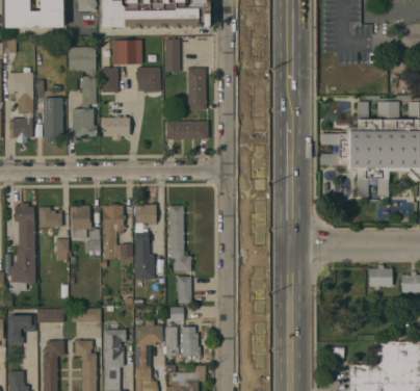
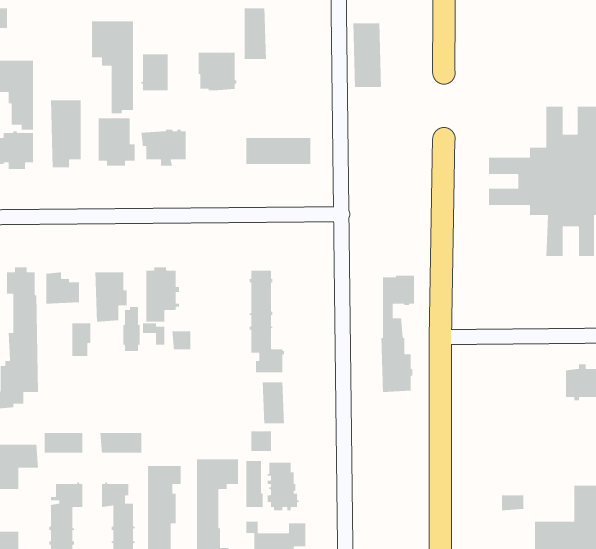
building: [111,41,141,64] -> none
building: [187,69,206,110] -> [352,22,382,88]
building: [134,205,156,280] -> [380,275,415,393]

